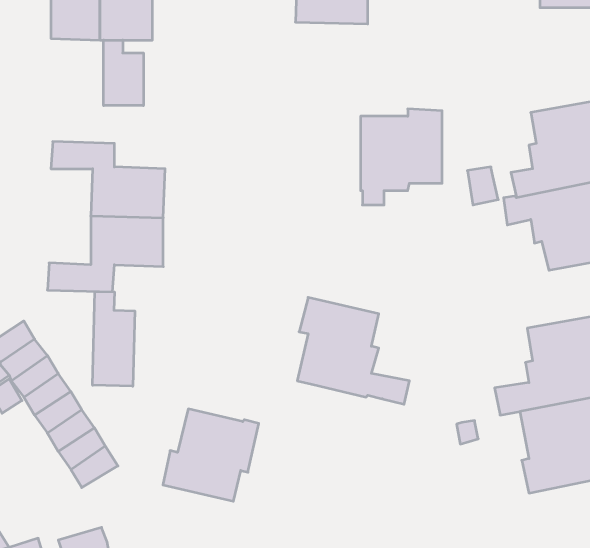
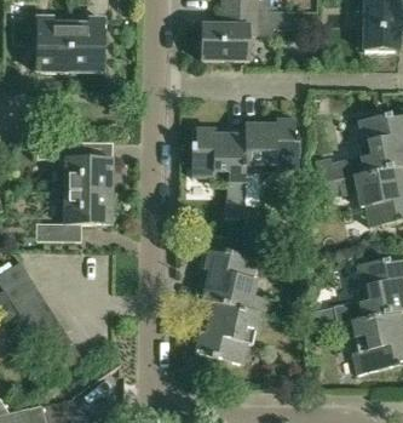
building: [104,40,143,106] -> none
building: none -> [191,127,246,215]
building: [93,292,135,386] -> none
building: [163,409,259,501] -> [195,302,259,364]

